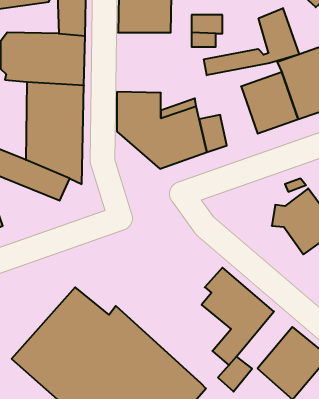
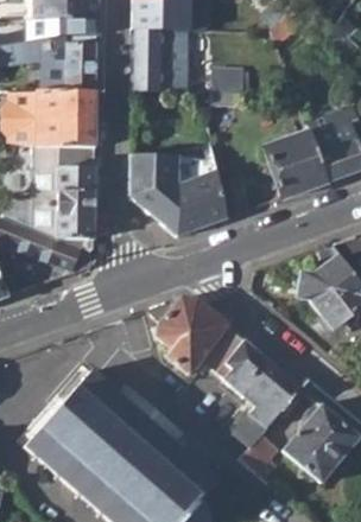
building: [204,8,299,75] -> none
building: none -> [144,297,245,381]

